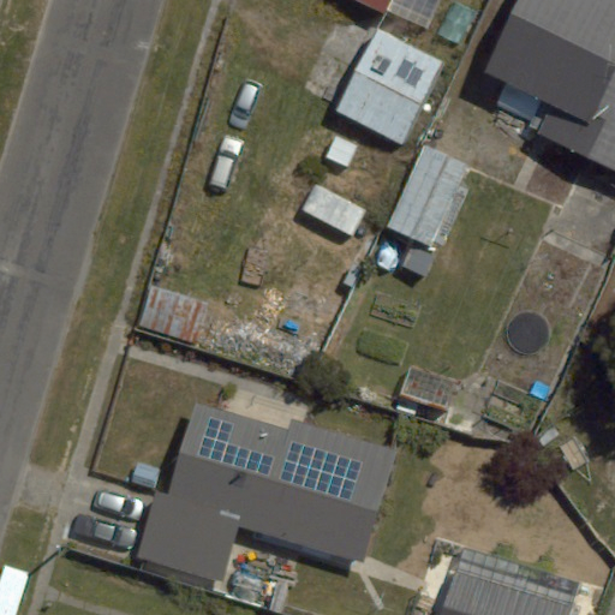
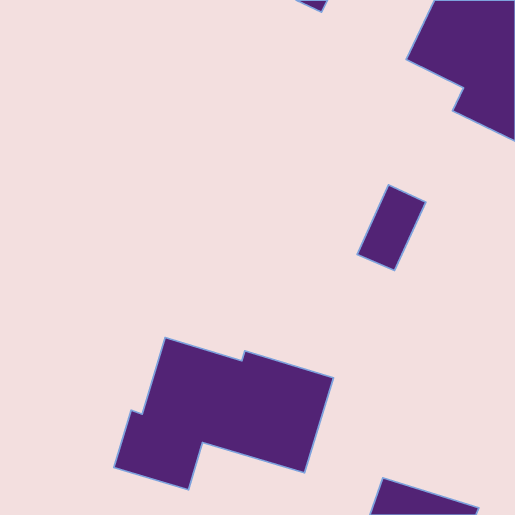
building: [336,26,443,142] -> none
building: [387,144,468,246] -> [357,185,426,271]

